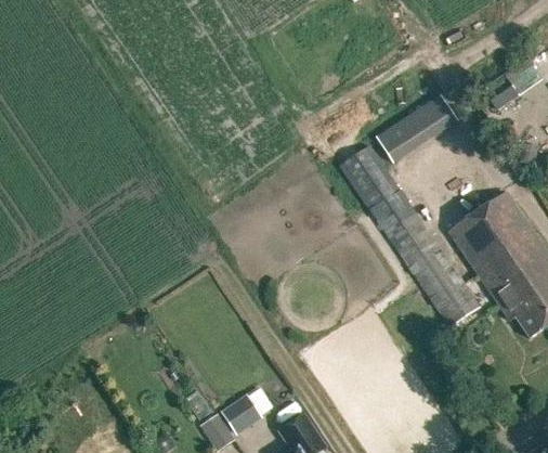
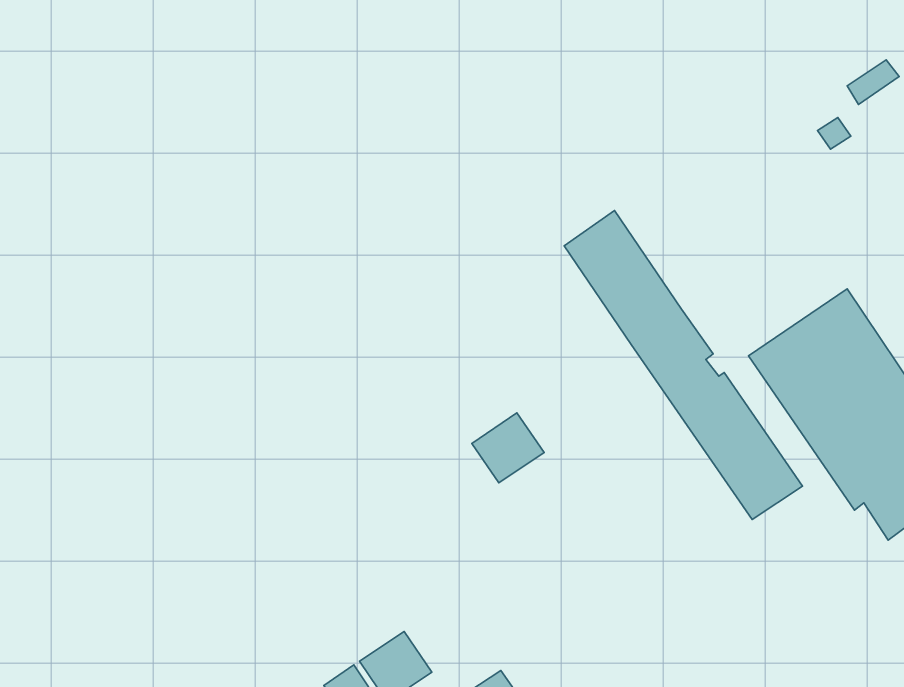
building: [368,99,452,159] -> none
building: none -> [472,413,544,483]

